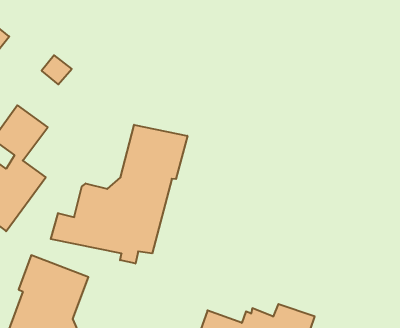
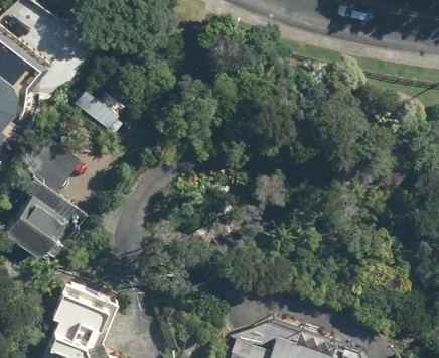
building: [51,125,187,264] -> none

